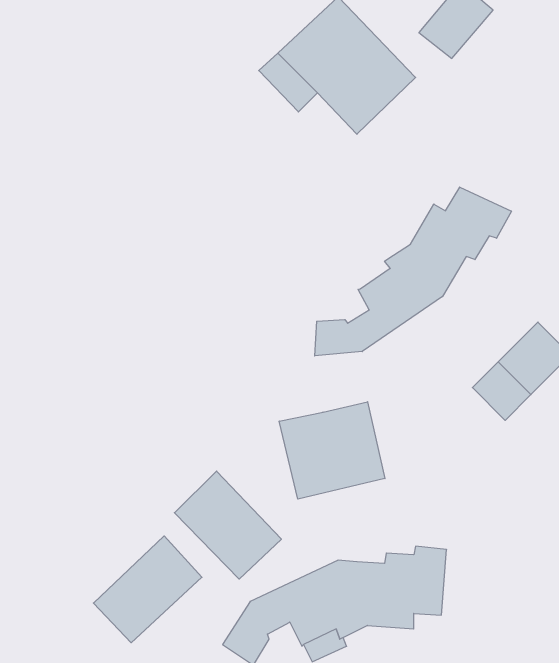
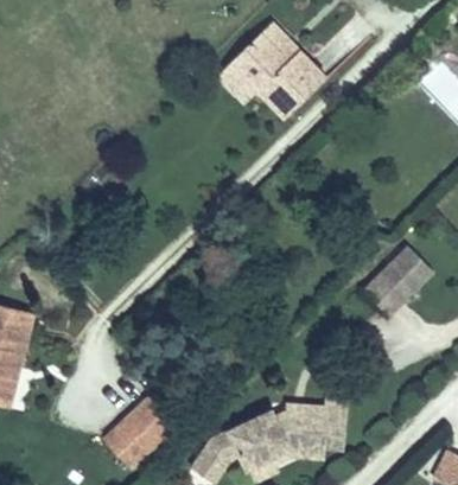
building: [315,187,511,356] -> none
building: [279,402,385,499] -> none
building: [174,471,281,579] -> none

